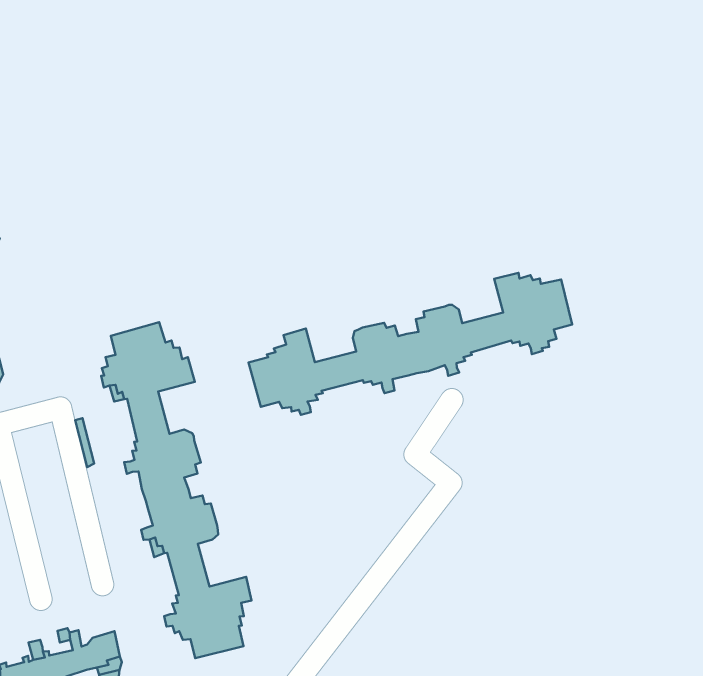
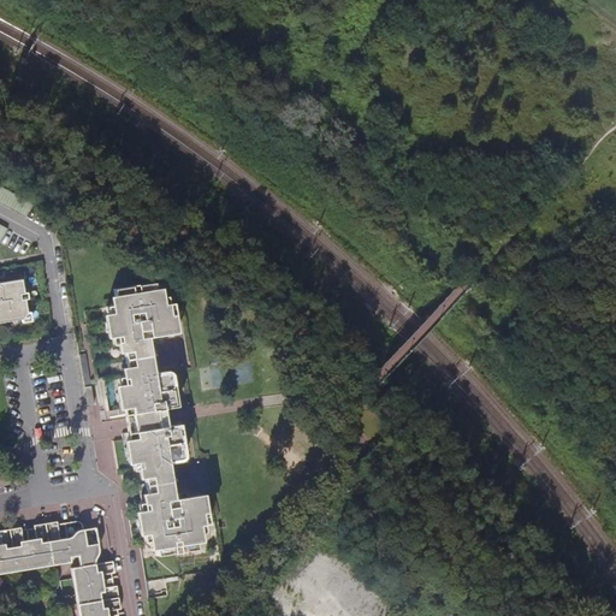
building: [248,273,572,415] -> none

